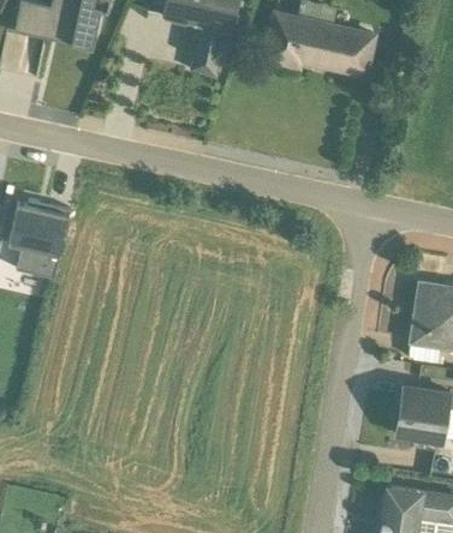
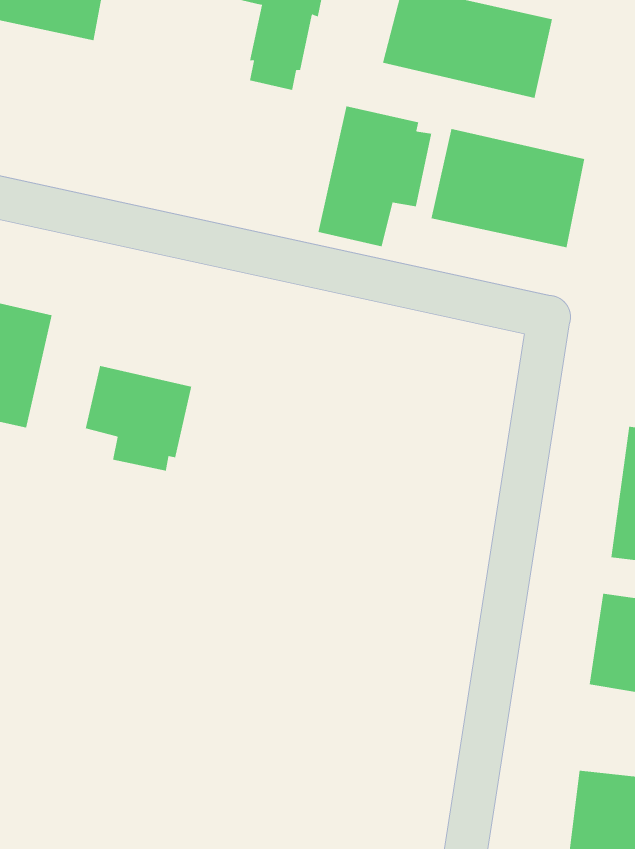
building: none -> [318,105,432,247]
building: none -> [431,128,585,248]
building: none -> [85,365,192,472]

